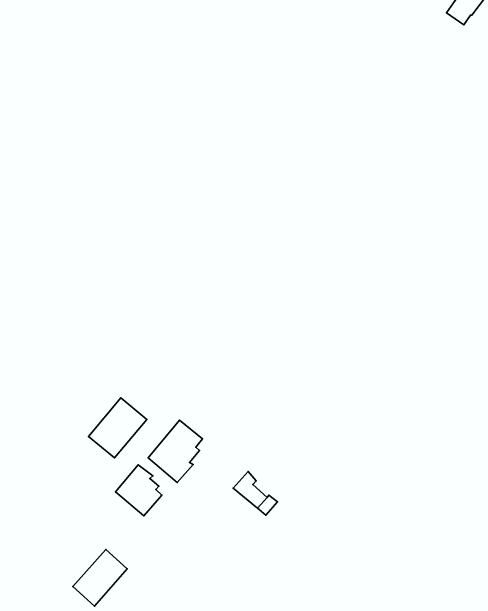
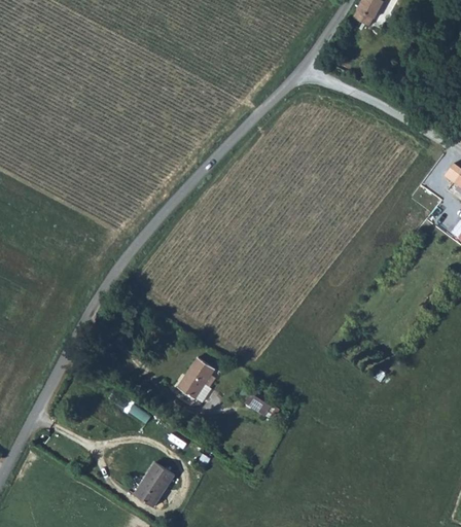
building: [88,398,147,458] -> none
building: [116,465,162,516] -> none

